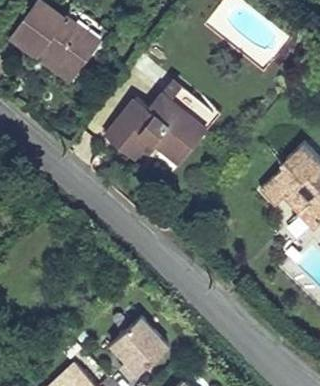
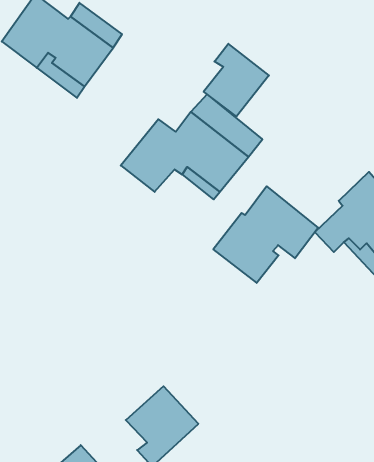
building: none -> [204,44,269,116]
building: none -> [213,186,318,283]

